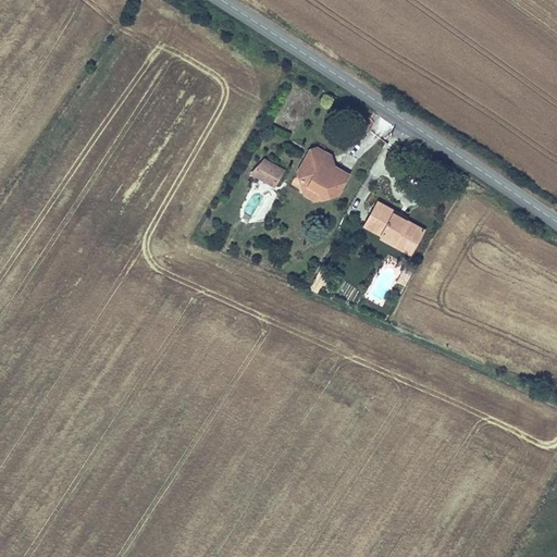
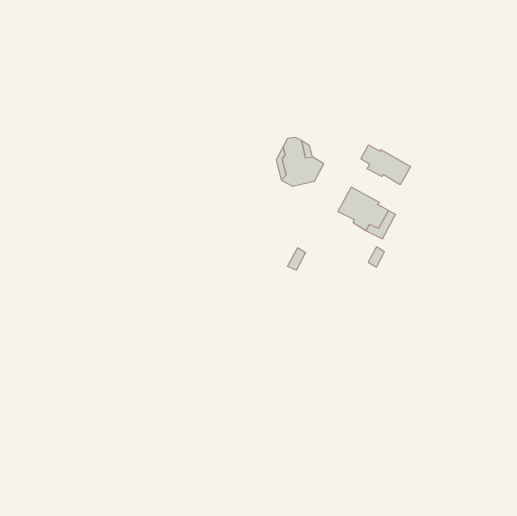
building: none -> [361,145,411,185]
building: [249,158,285,188] -> none

